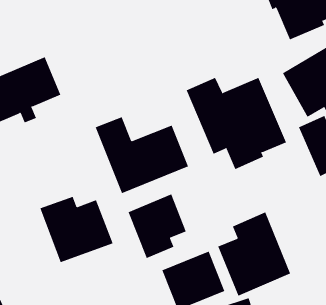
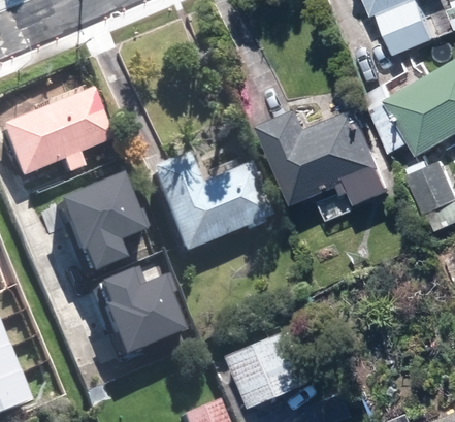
building: none -> [46,169,131,265]
building: [128,194,186,259] -> none
building: [218,212,291,297] -> none

